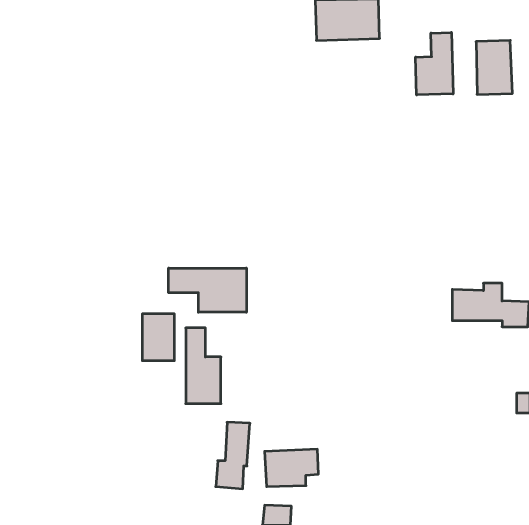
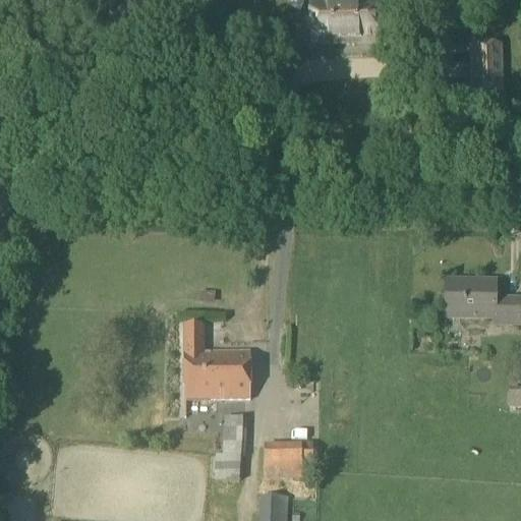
building: [416,32,453,95] -> none
building: [169,268,246,312] -> none
building: [142,314,174,361] -> [218,350,249,396]

